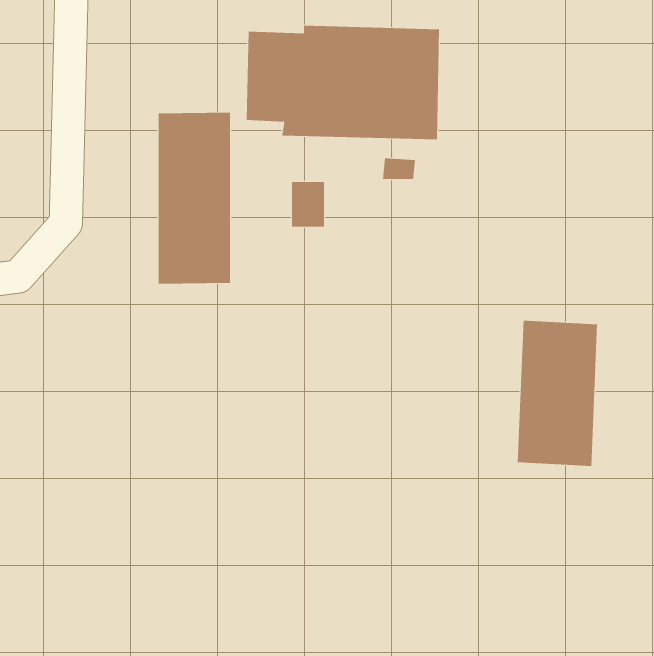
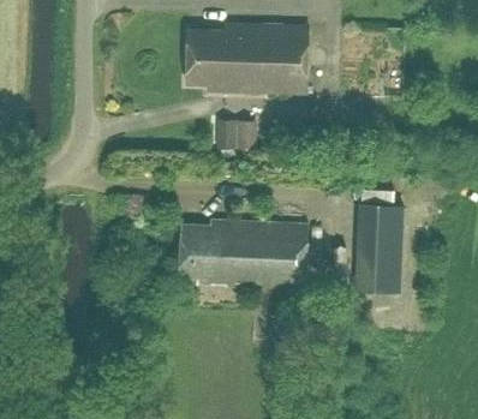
building: [158,112,231,285] -> none
building: none -> [179,219,305,287]

